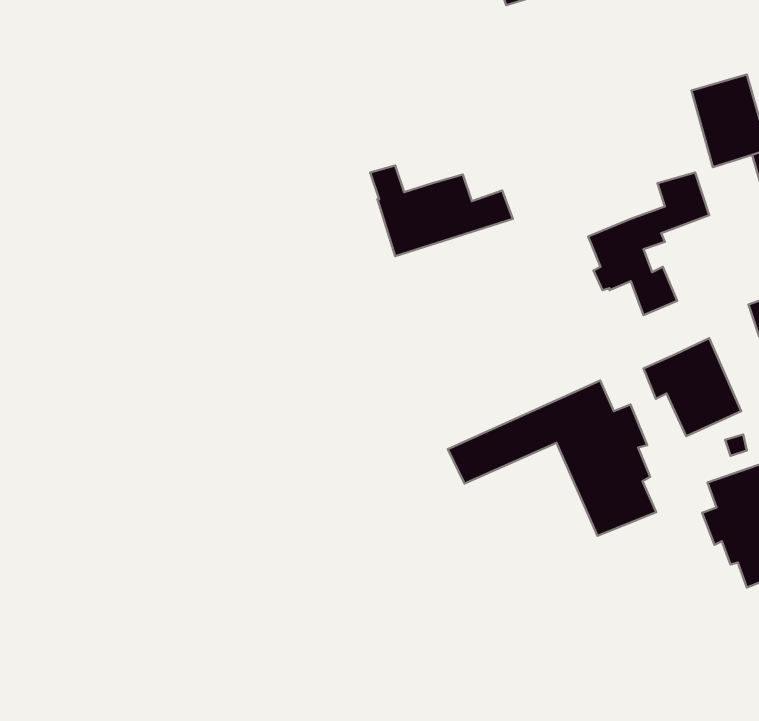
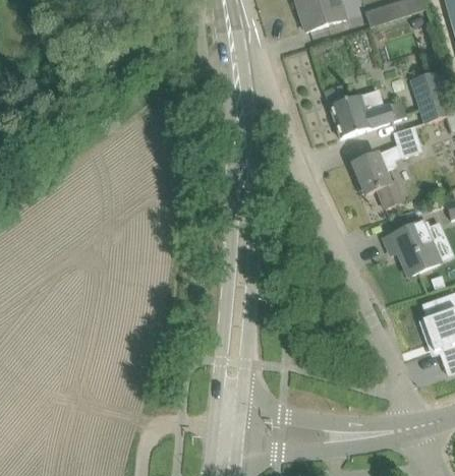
building: [370,165,513,256] -> [325,85,406,137]
building: [448,380,656,536] -> none

